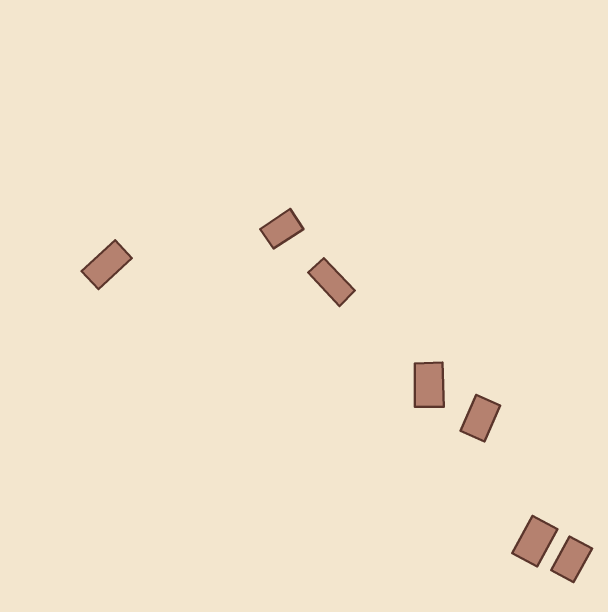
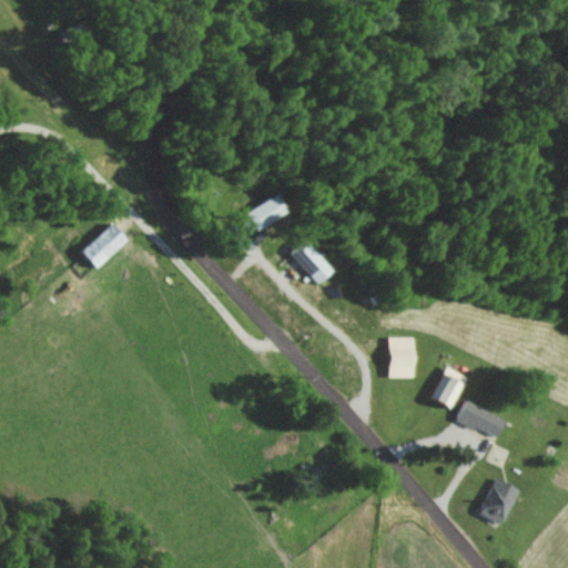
building: none -> [457,402,505,437]
building: [551,536,592,582] -> none

